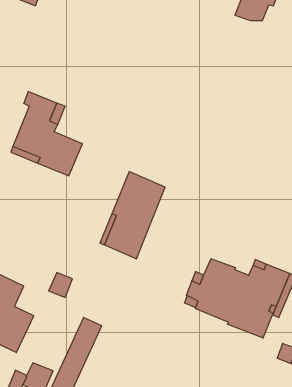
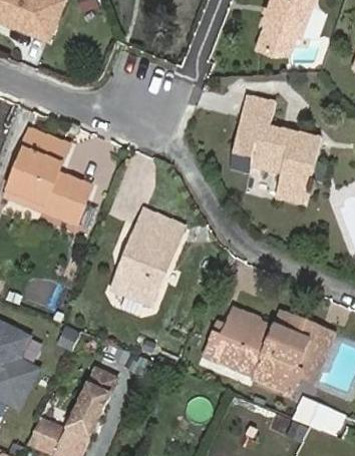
building: none -> [223,91,315,196]

